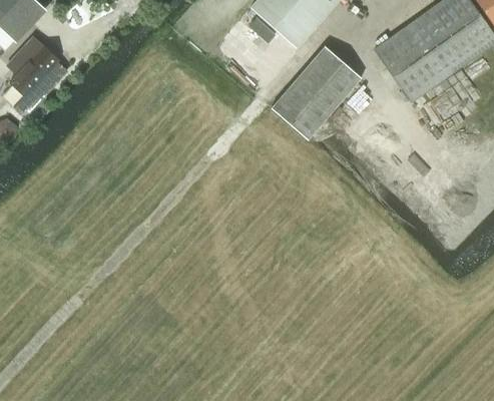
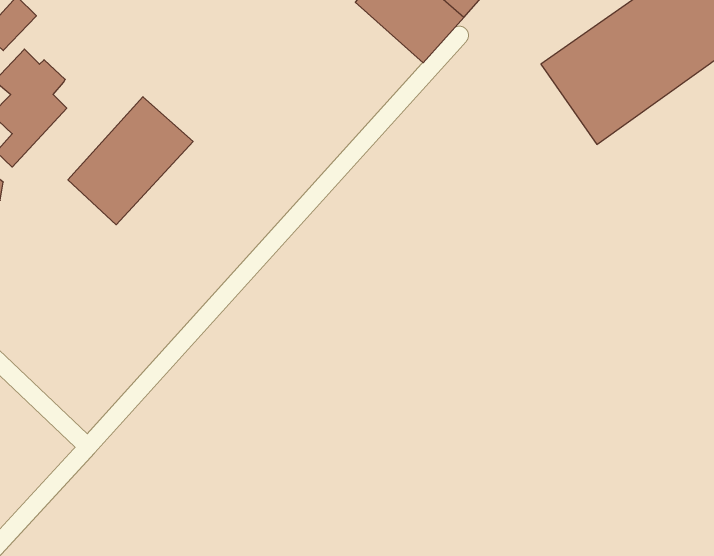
building: [271,46,362,139] -> none
building: none -> [68,97,193,225]

